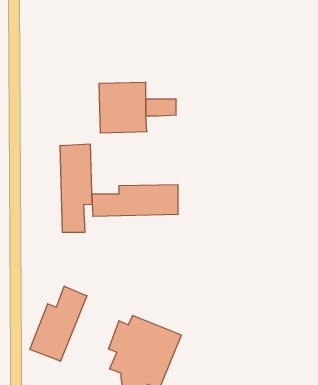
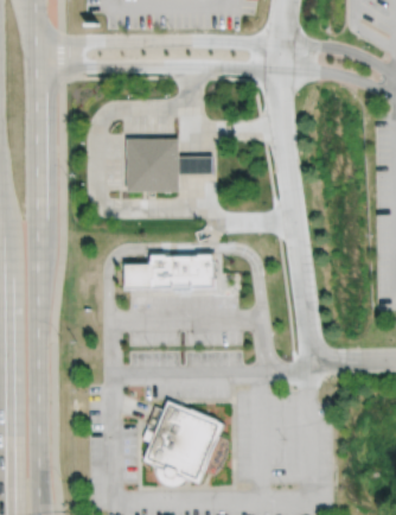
building: [60,144,92,232] -> none
building: [30,286,87,361] -> none

